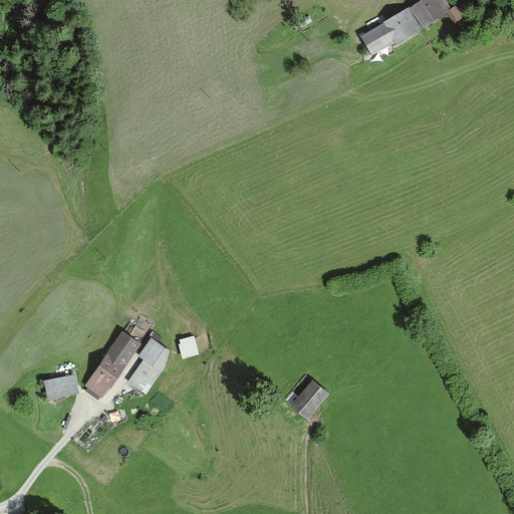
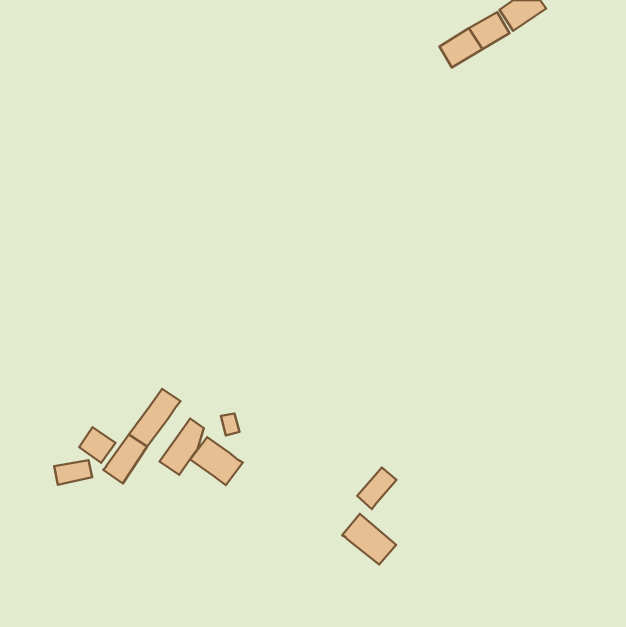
building: none -> [79,427,116,463]
building: none -> [190,437,243,485]
building: none -> [342,514,396,565]

